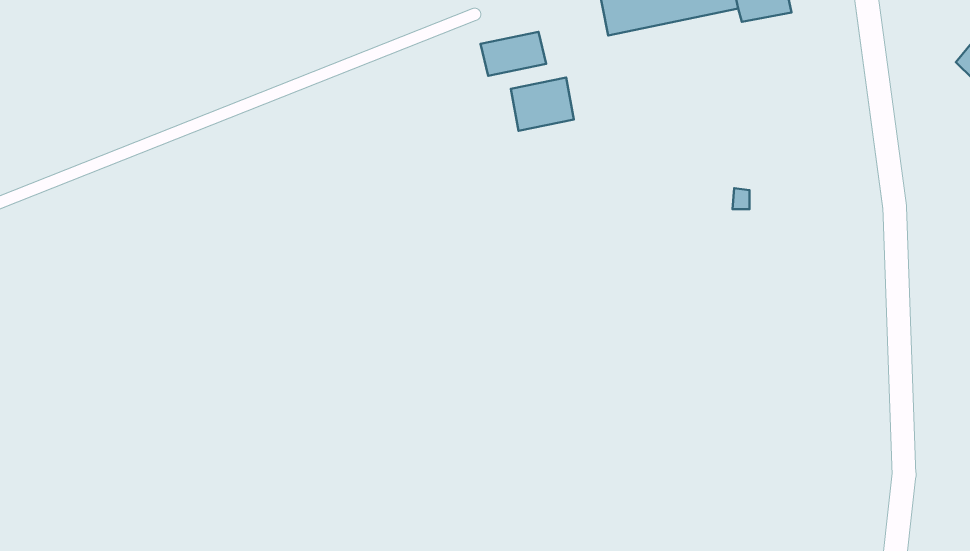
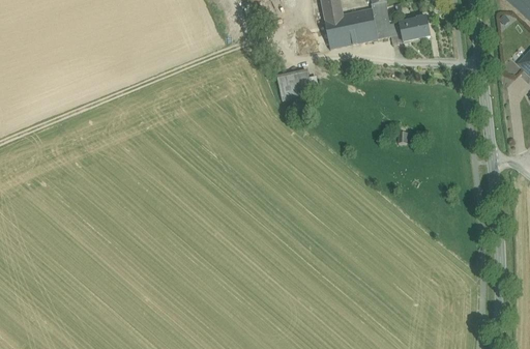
building: [481,32,546,76] -> none

